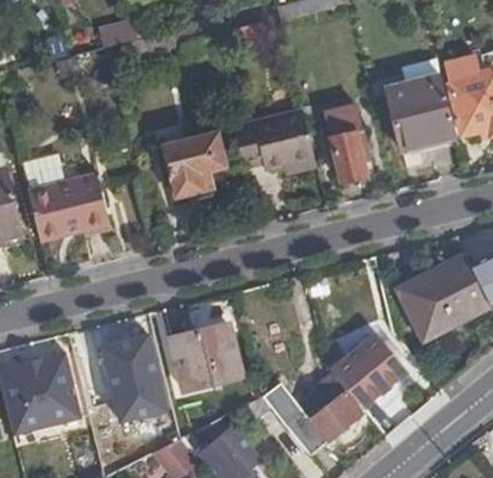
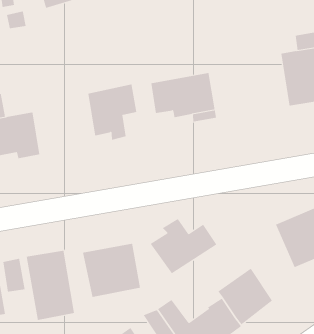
building: [325,105,370,185] -> none
building: none -> [150,218,217,274]

